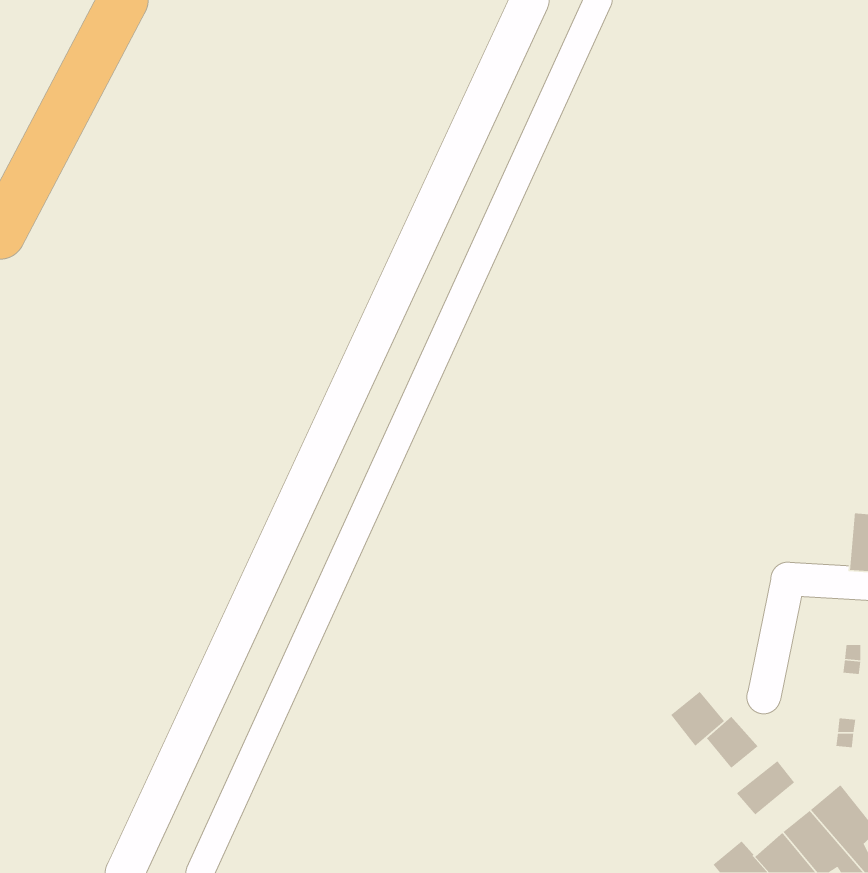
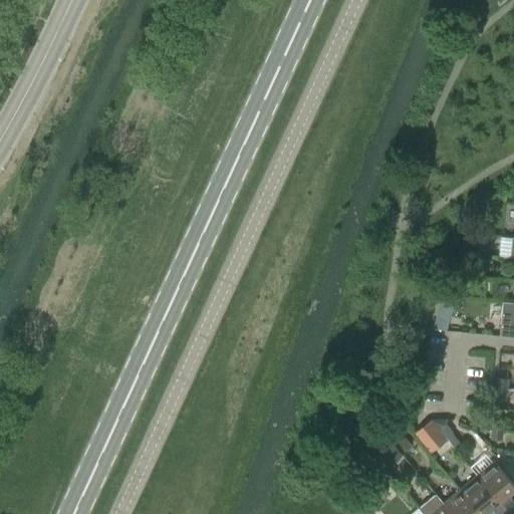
building: [670,691,725,747] -> none
building: [736,760,795,816] -> none

